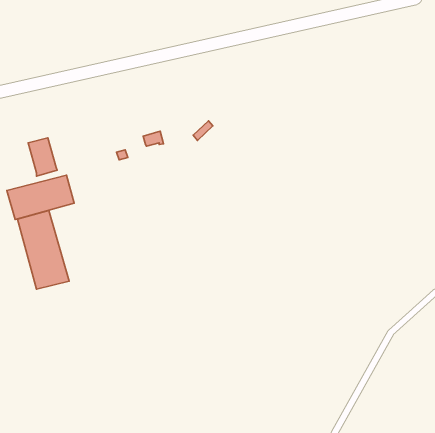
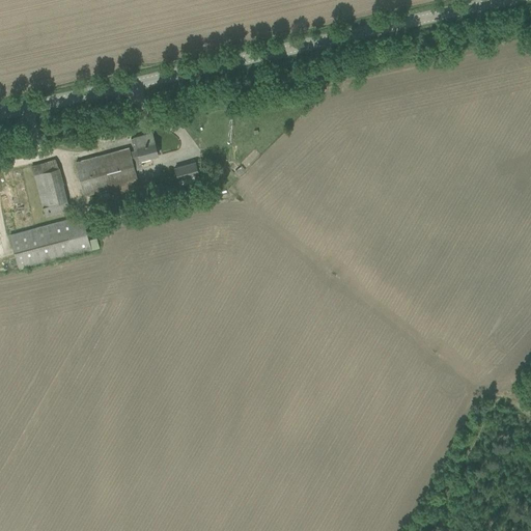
building: none -> [76,131,158,194]
building: [17,211,69,289] -> none

